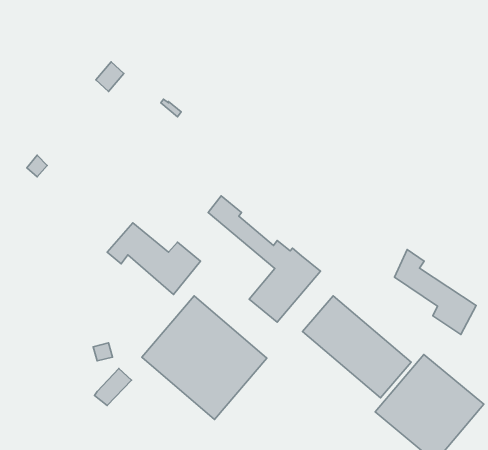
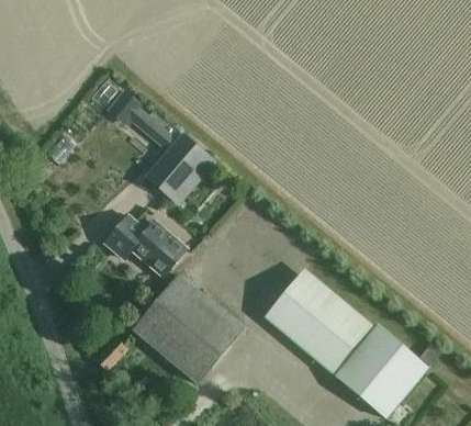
building: [208,196,321,322] -> [110,88,206,197]
building: [395,250,476,335] -> none

